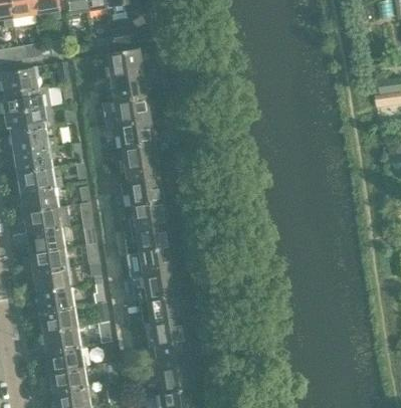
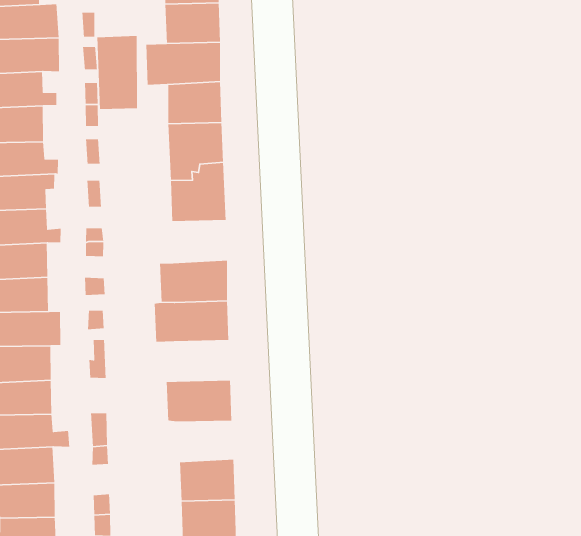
building: none -> [97,35,138,110]
building: [131,199,167,228] -> none
building: [142,269,178,297] -> none
building: [150,317,186,345] -> none

